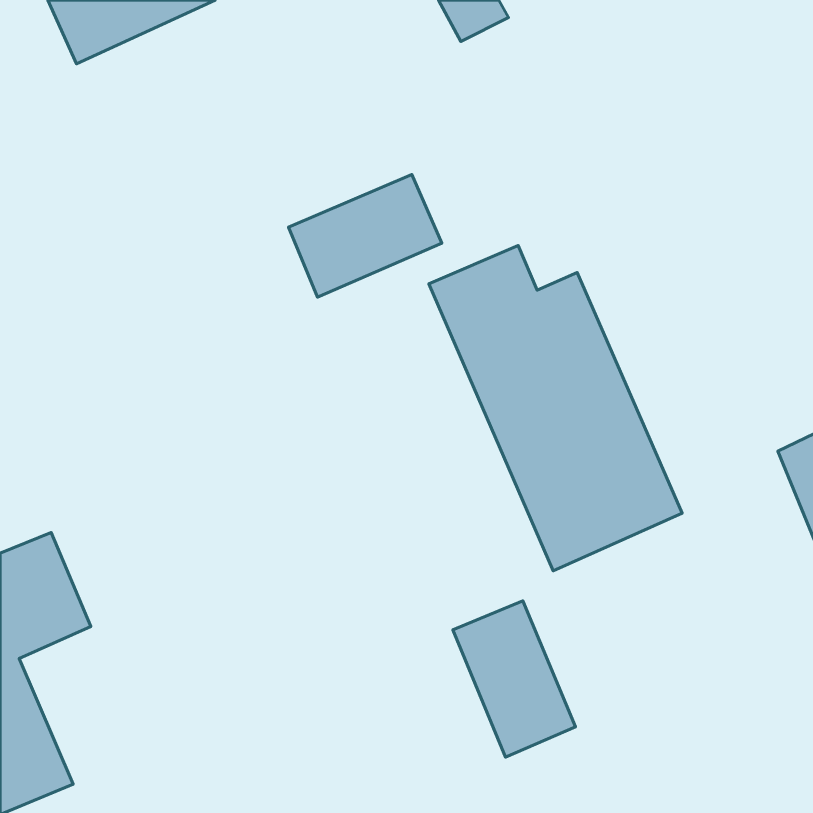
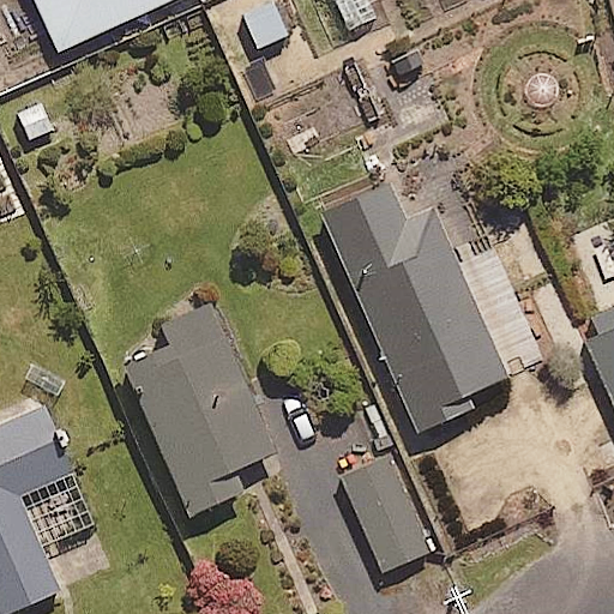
building: [288,174,442,297] -> none
building: none -> [126,302,271,512]

